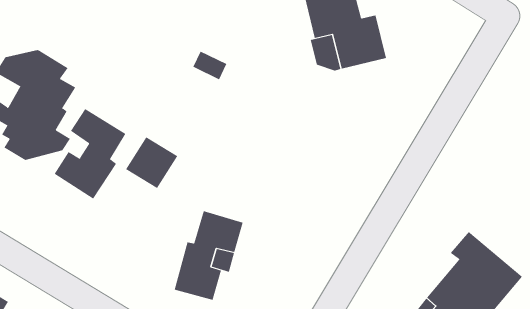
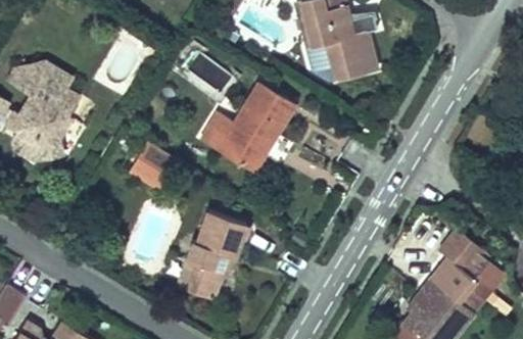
building: none -> [201,85,293,171]
building: [54,108,126,200] -> none

